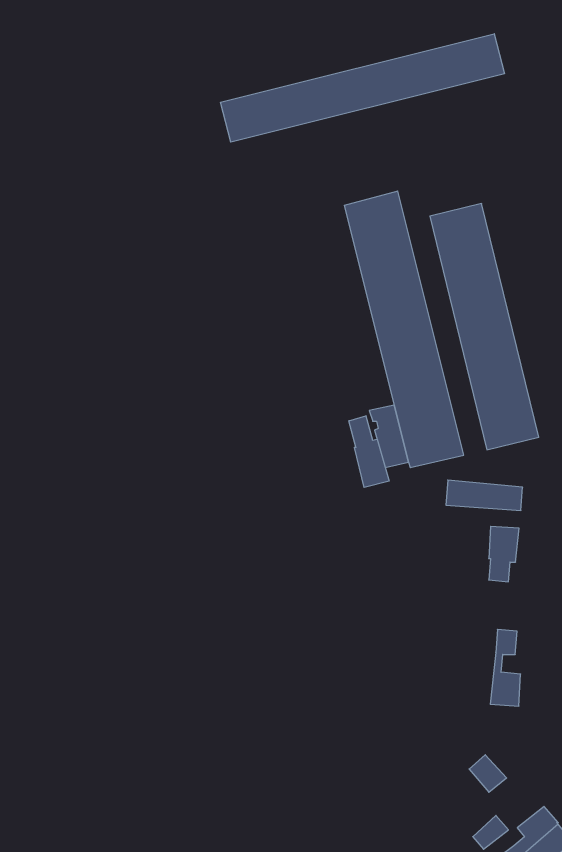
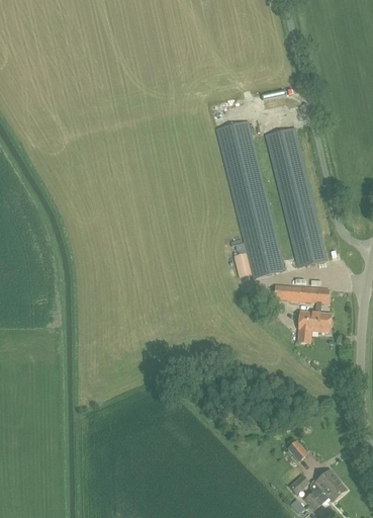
building: [221,34,504,142] -> none
building: [349,416,389,487] -> none
building: [490,629,521,706] -> [313,288,331,332]

